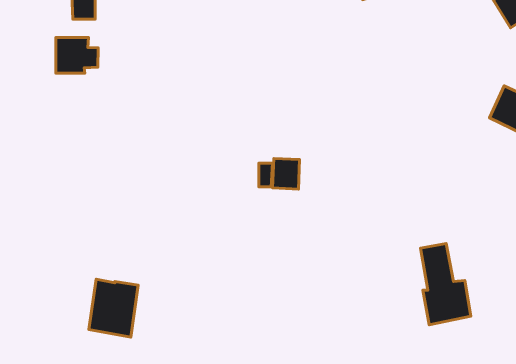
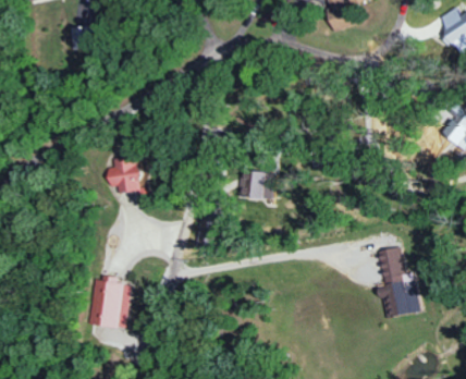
building: [56,38,98,73] -> none
building: none -> [103,155,144,192]

